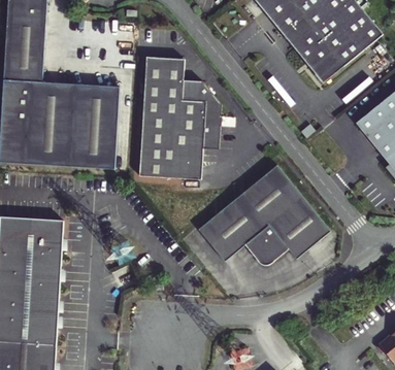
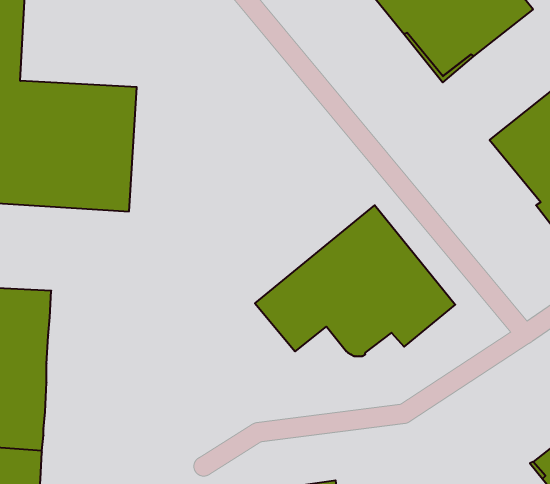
building: [139,58,224,179] -> none

